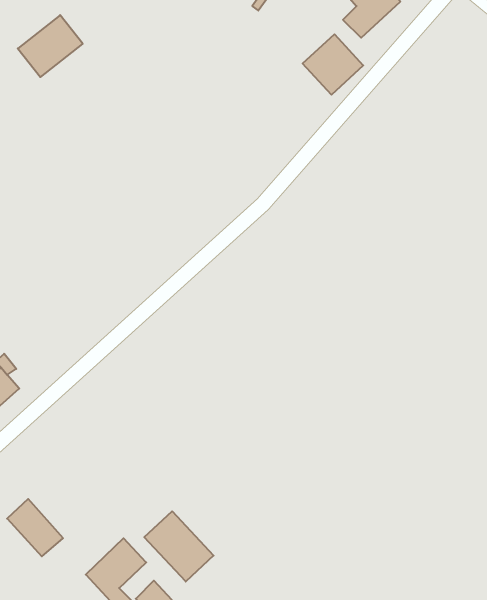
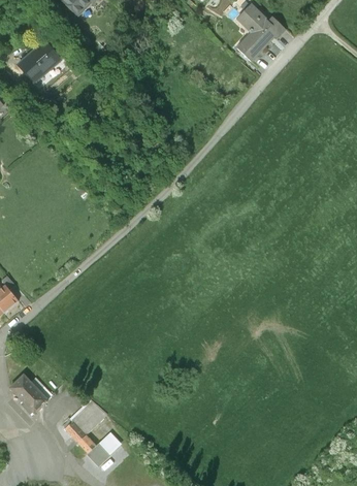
building: [303,34,363,95] -> none
building: [144,511,214,582] -> none

